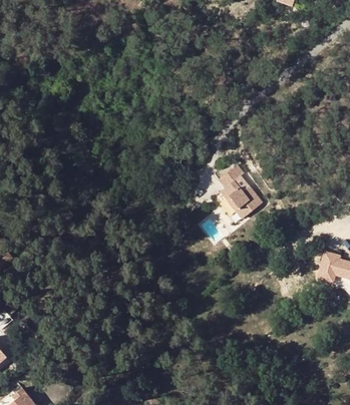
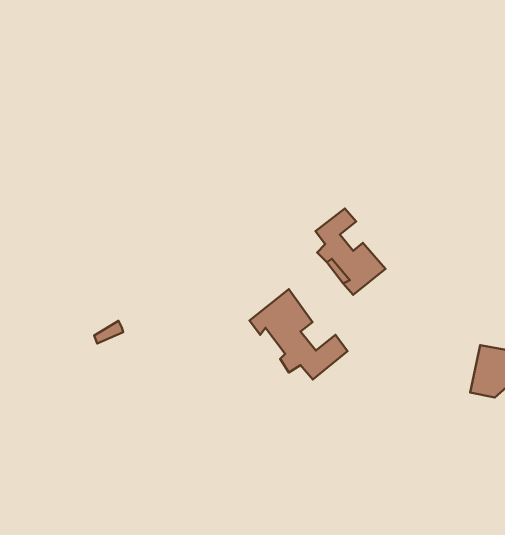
building: none -> [250,289,347,380]

